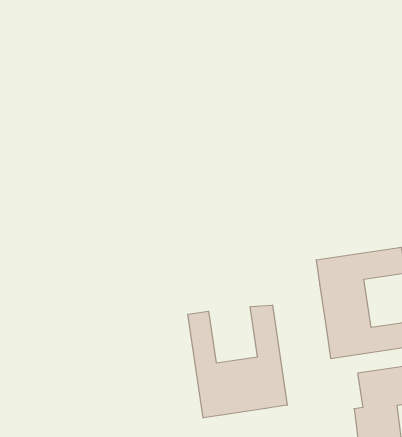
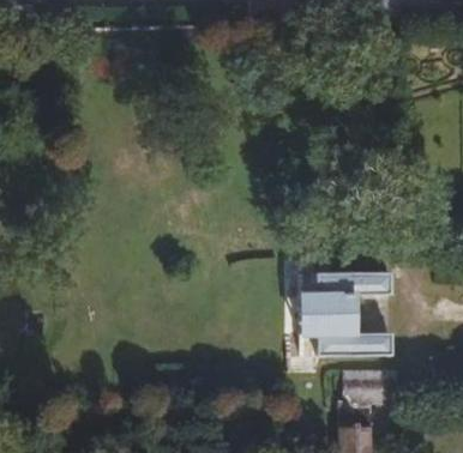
building: [188,305,287,418] -> none

